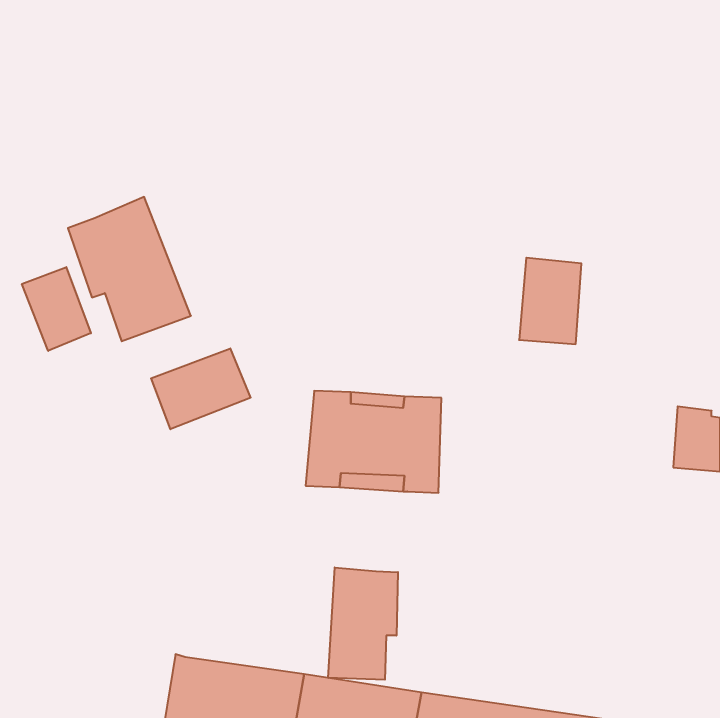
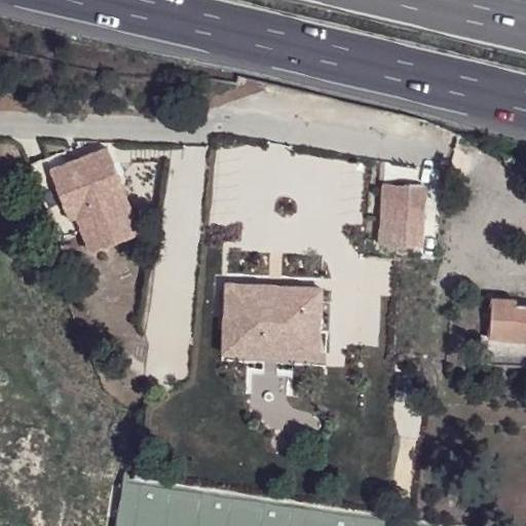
building: [22,267,91,351] -> none
building: [151,348,251,429] -> none
building: [328,567,398,680] -> none

